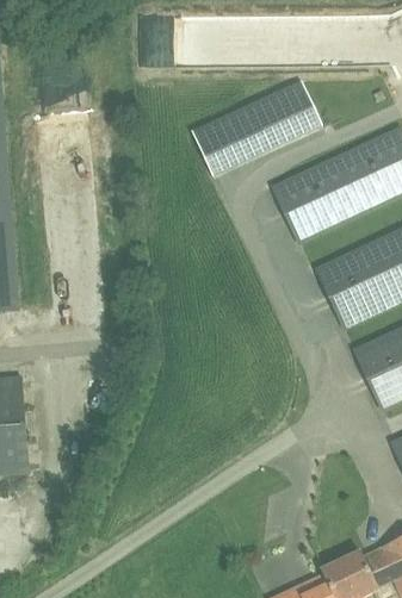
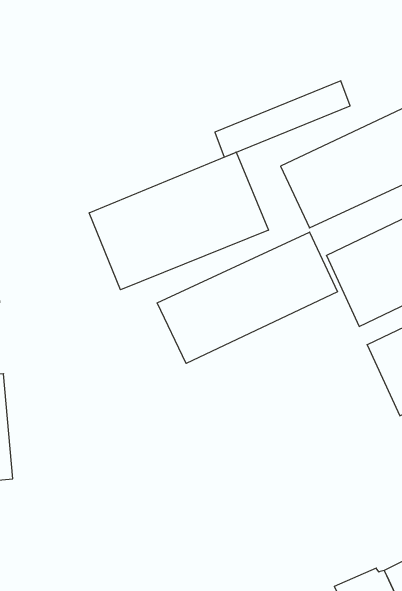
building: [198,79,320,149] -> none
building: none -> [89,152,268,290]
building: none -> [157,232,337,363]

